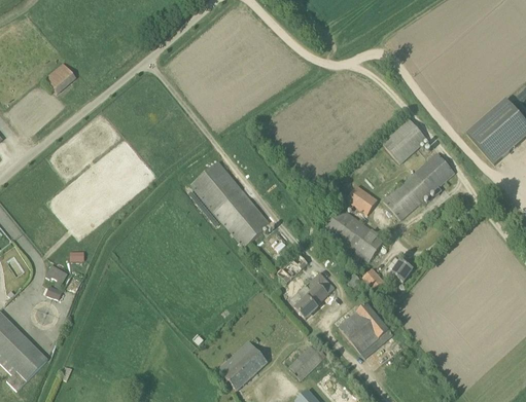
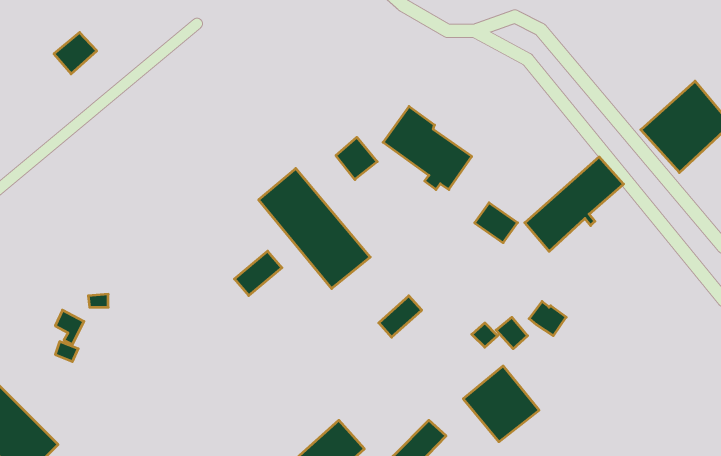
building: [381,116,428,162] -> none
building: none -> [336,137,377,180]
building: [322,202,386,261] -> [383,106,472,190]
building: none -> [234,251,282,296]
building: [289,271,334,318] -> none

